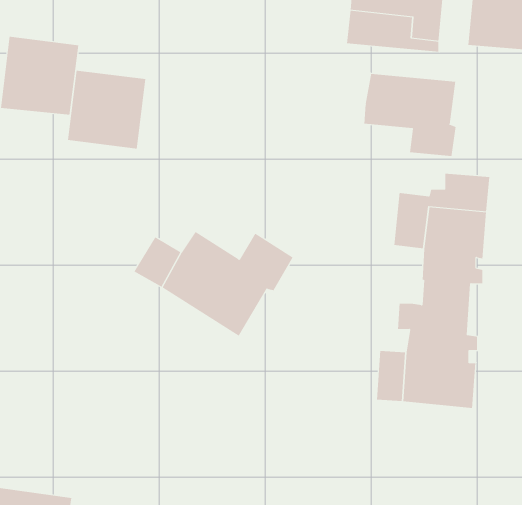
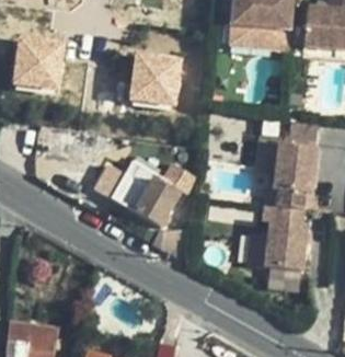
building: [67,70,146,149] -> [129,55,179,104]
building: [364,73,456,157] -> none

